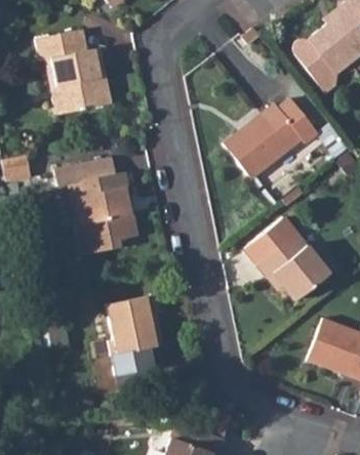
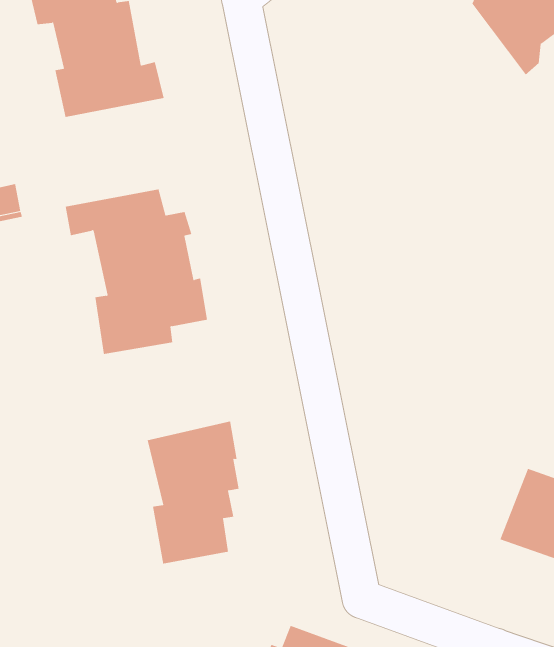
building: [225,97,317,175] -> none
building: [246,217,327,297] -> none

